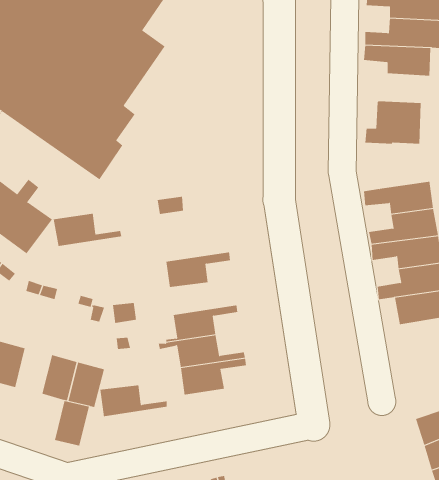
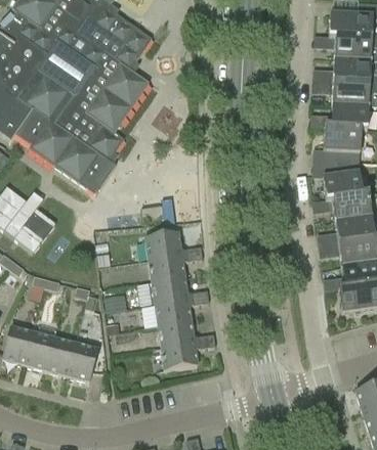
building: none -> [310,104,368,129]
building: none -> [312,162,368,199]
building: [53,213,122,247] -> [144,232,202,260]
building: [99,385,167,417] -> [152,277,208,304]
building: [54,400,90,446] -> [25,331,54,369]

